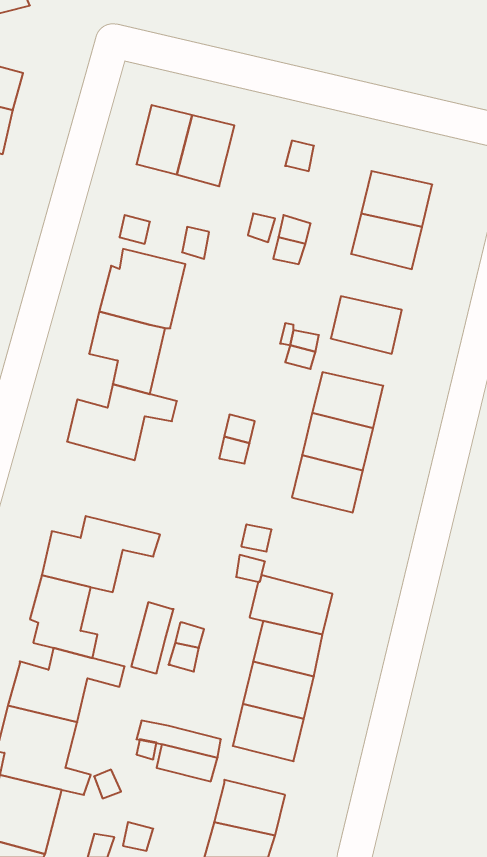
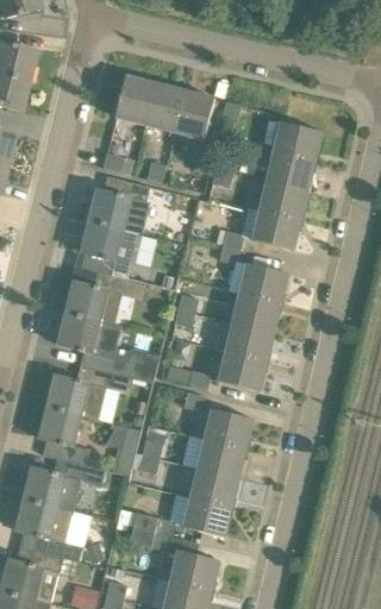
building: none -> [173,89,214,139]
building: none -> [258,180,308,219]
building: none -> [57,312,158,382]
building: none -> [217,351,267,391]

